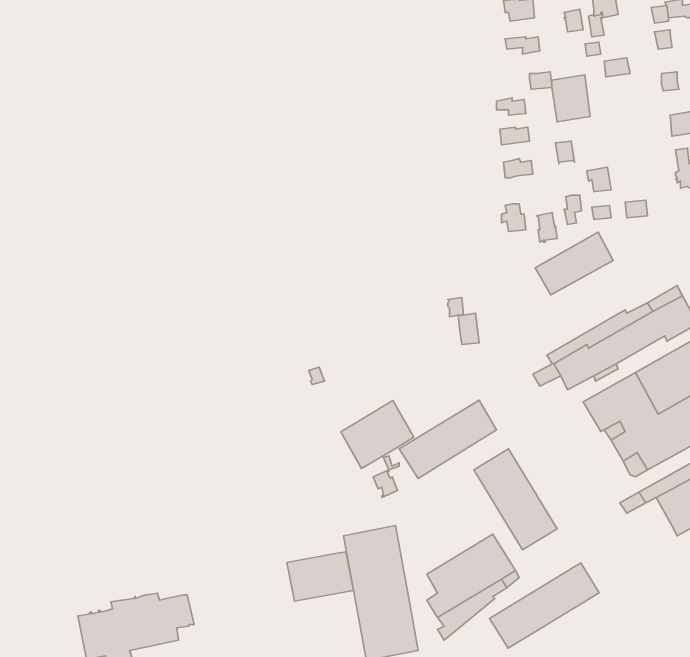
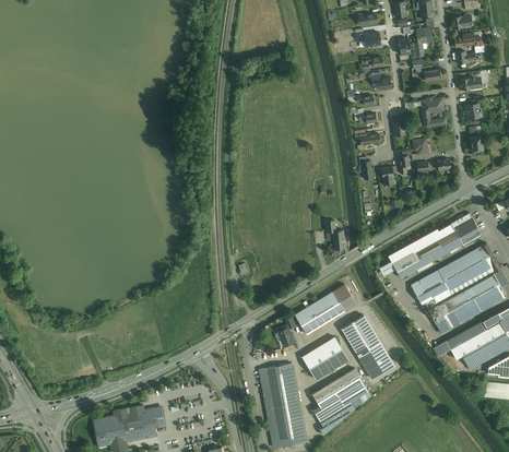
building: [552,75,590,122] -> [422,97,446,127]
building: [535,232,613,295] -> none
building: [341,401,414,468] -> [303,336,348,379]
building: [287,552,354,601] -> none
building: [490,563,599,648] -> none

